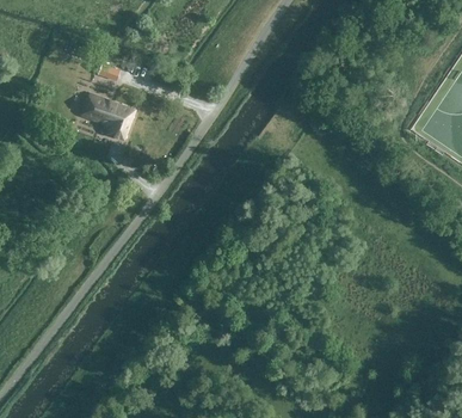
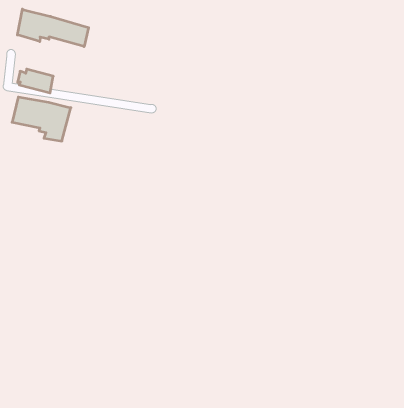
building: none -> [17,9,89,47]

